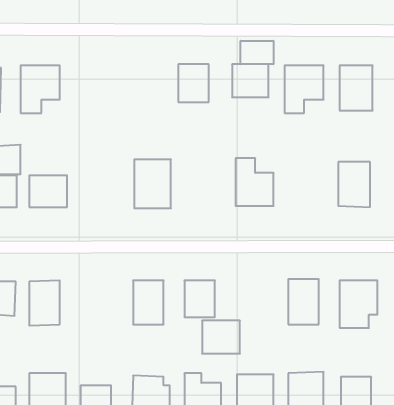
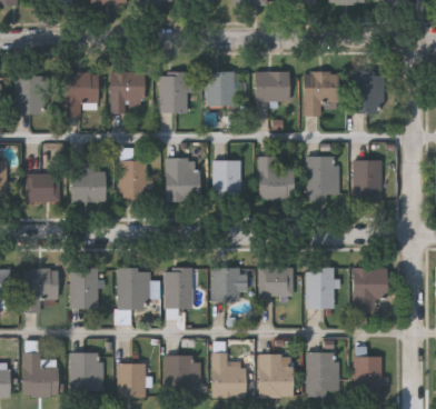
building: [241,41,273,64] -> none
building: none -> [110,71,143,110]
building: none -> [159,72,189,112]
building: none -> [306,157,339,201]
building: none -> [119,159,147,200]
building: none -> [214,160,240,199]
building: none -> [117,268,150,310]
building: [202,321,240,354] -> [259,267,294,297]

